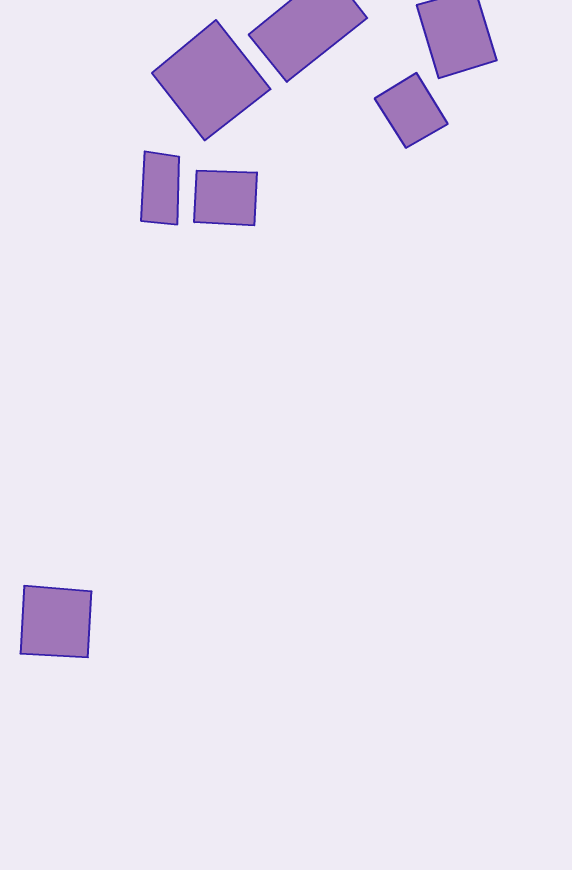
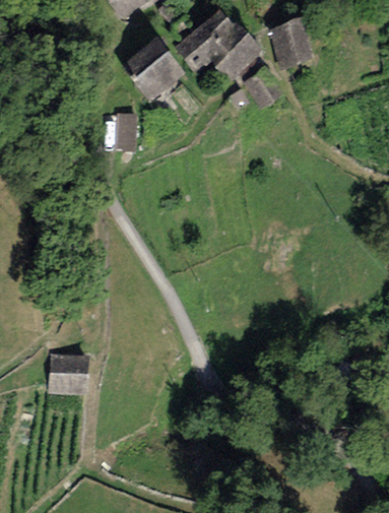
building: none -> [213,36,261,82]
building: [194,171,257,225] -> none

